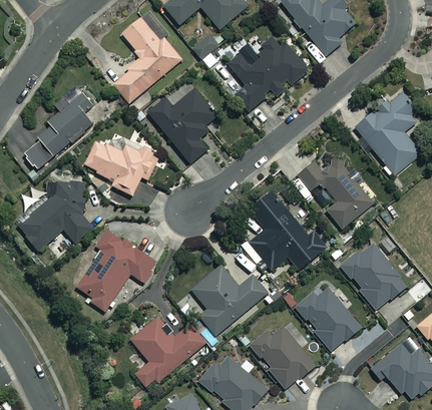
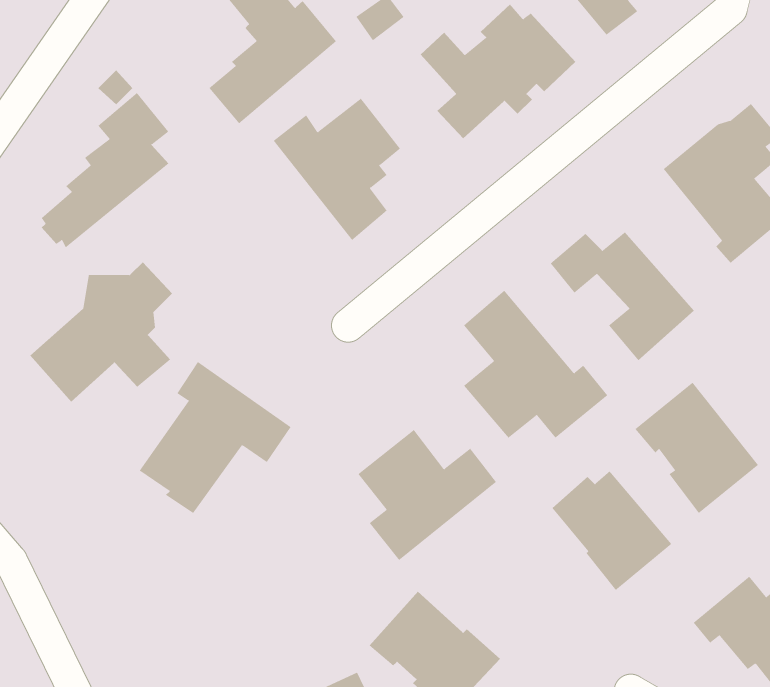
building: [83,141,158,194] -> none
building: [130,316,205,388] -> none
building: [249,324,314,389] -> none

